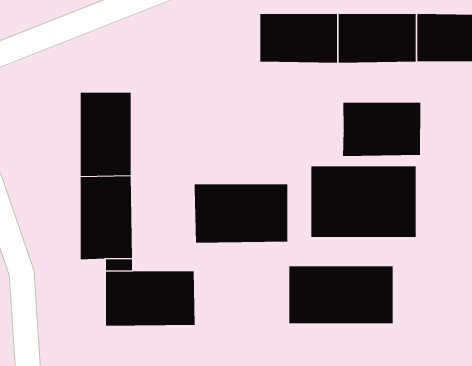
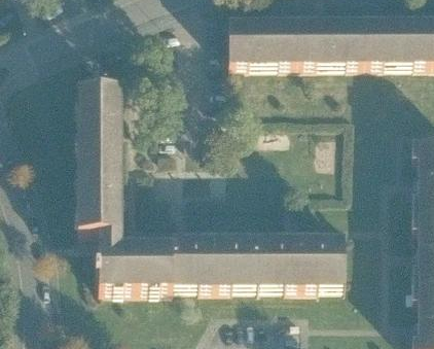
building: [342,102,421,157] -> none
building: [311,165,416,238] -> none
building: [194,184,288,243] -> [172,237,252,287]

